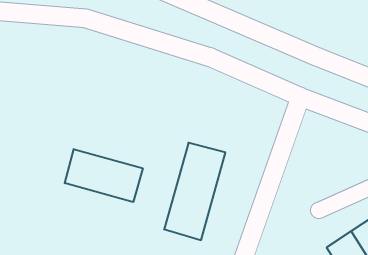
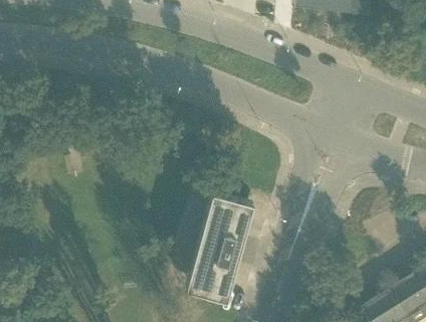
building: [65,149,143,202] -> none

